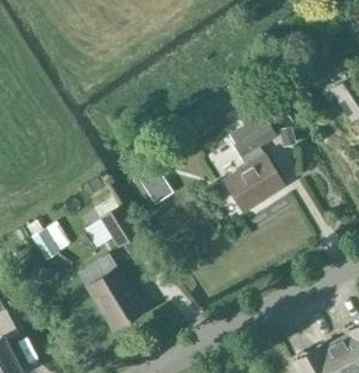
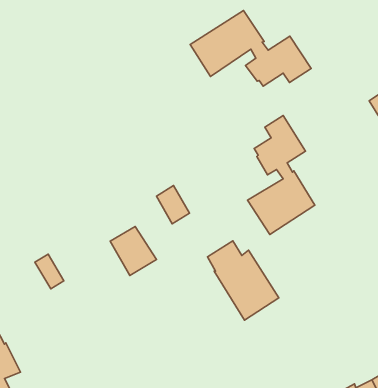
building: none -> [190,11,311,86]
building: [81,259,145,330] -> [208,241,279,320]

